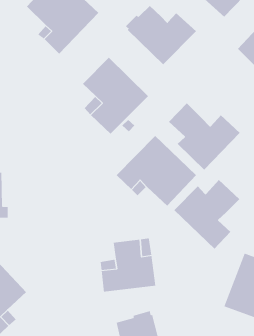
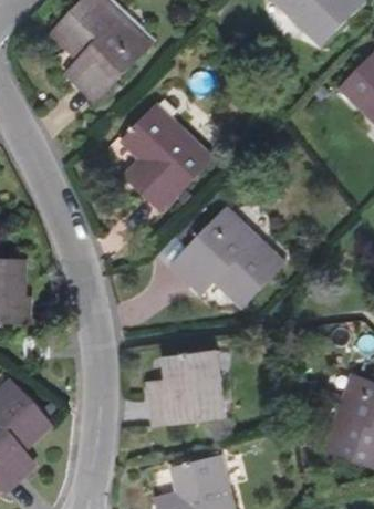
building: [125,5,197,65] -> none
building: [168,103,240,171] -> none
building: [174,179,240,250] -> none

